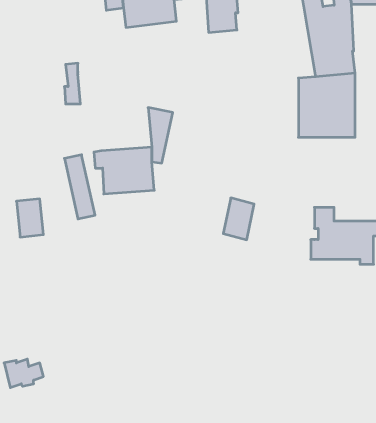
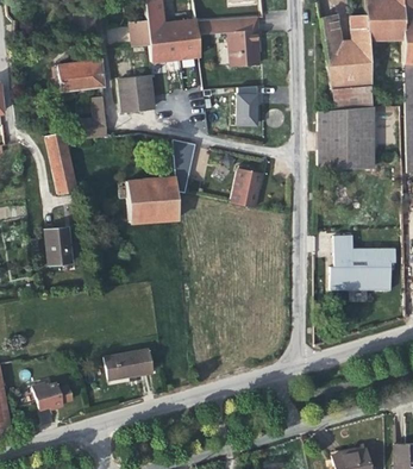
building: none -> [57,61,105,92]
building: none -> [119,76,154,111]
building: none -> [237,86,257,125]
building: [64,155,95,219] -> [46,132,76,194]
building: [223,198,254,240] -> [232,168,262,208]
building: none -> [105,349,152,379]

